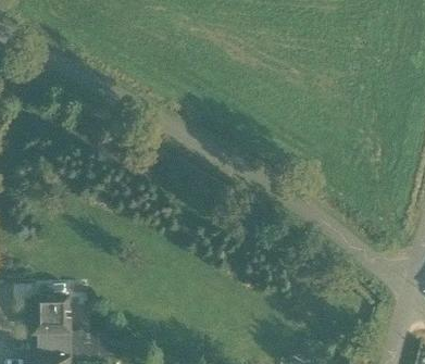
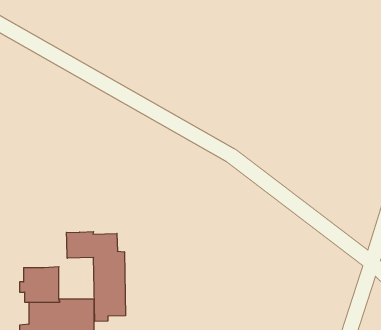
building: none -> [67,232,125,321]

